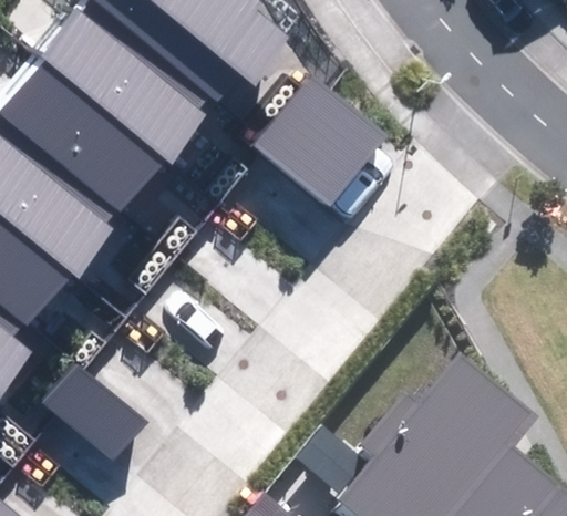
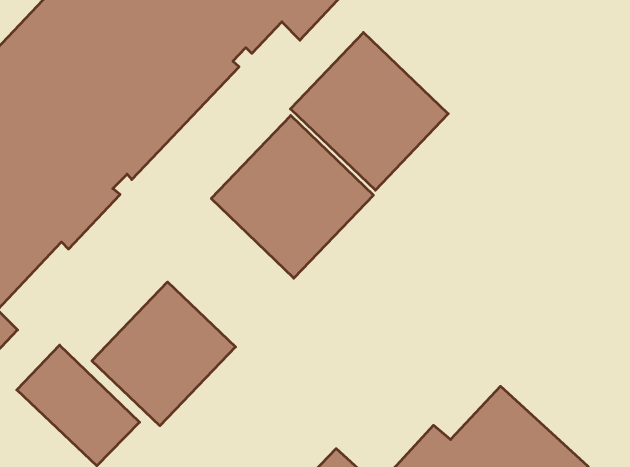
building: none -> [211,115,373,278]
building: none -> [92,282,236,426]

